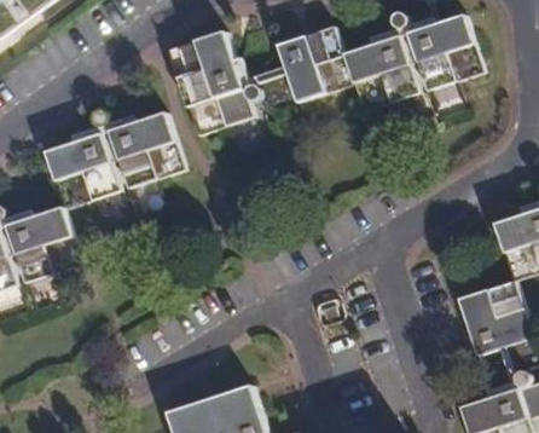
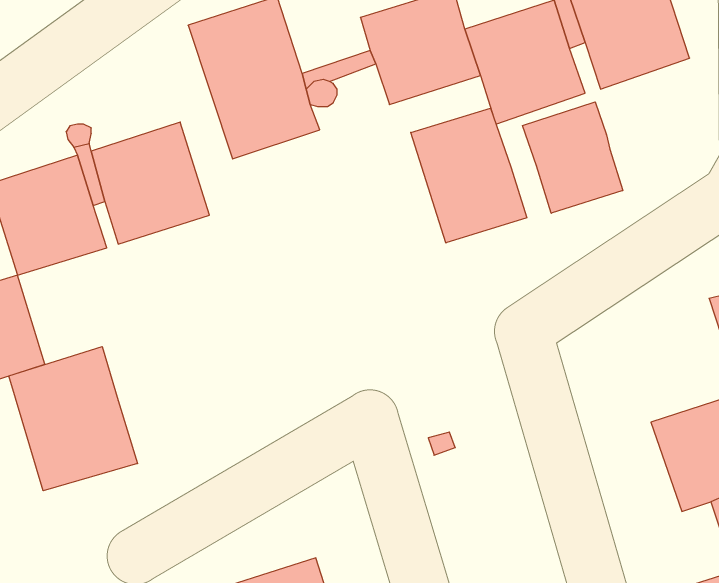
building: none -> [523,102,623,213]
building: none -> [411,108,527,243]
building: none -> [9,347,138,491]

